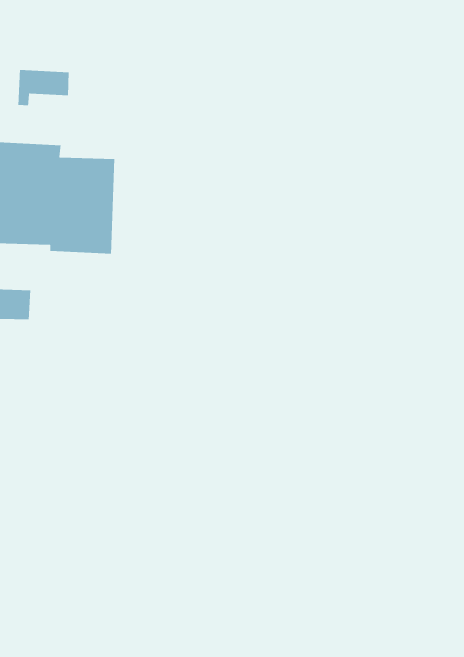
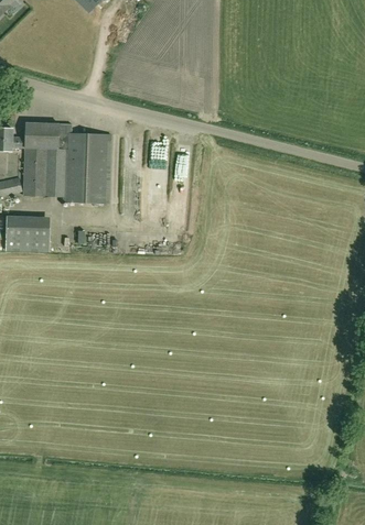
building: [17,69,69,106] -> none

